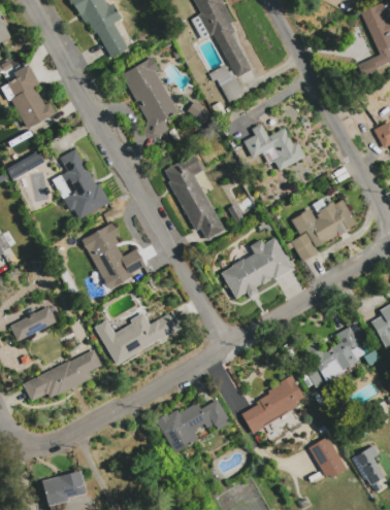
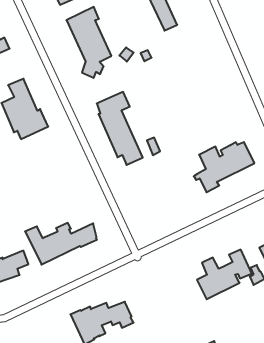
building: [209,65,243,103] -> none
building: [241,124,305,172] -> none
building: [82,224,147,290] -> none
building: [222,238,292,299] -> none
building: [241,376,303,434] -> none

